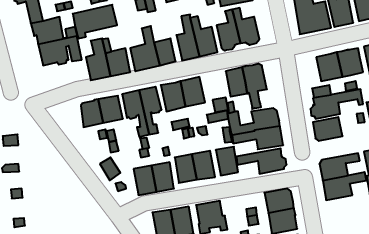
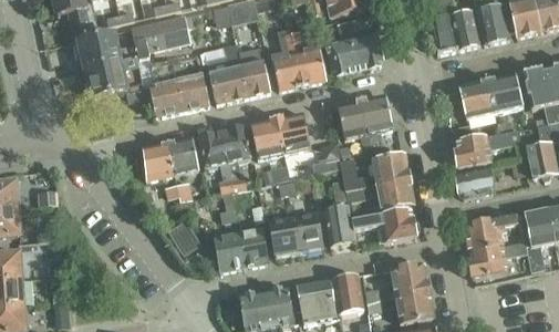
building: none -> [333,273,363,313]

